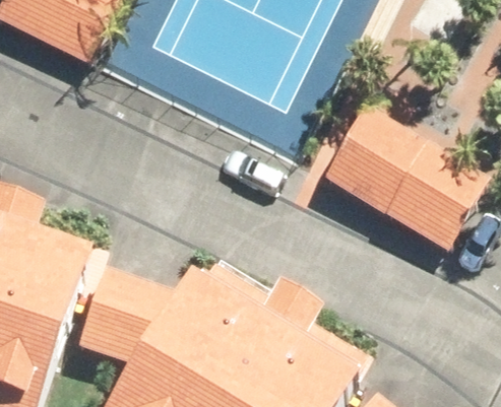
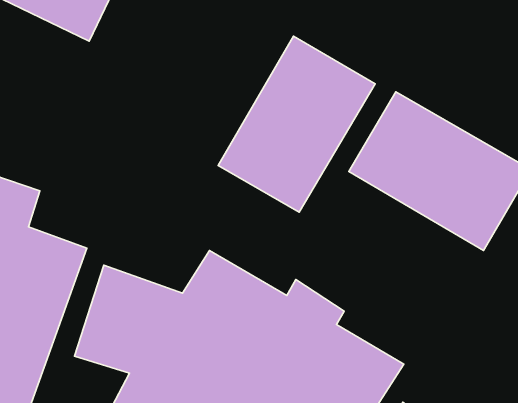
building: none -> [218,36,375,212]

